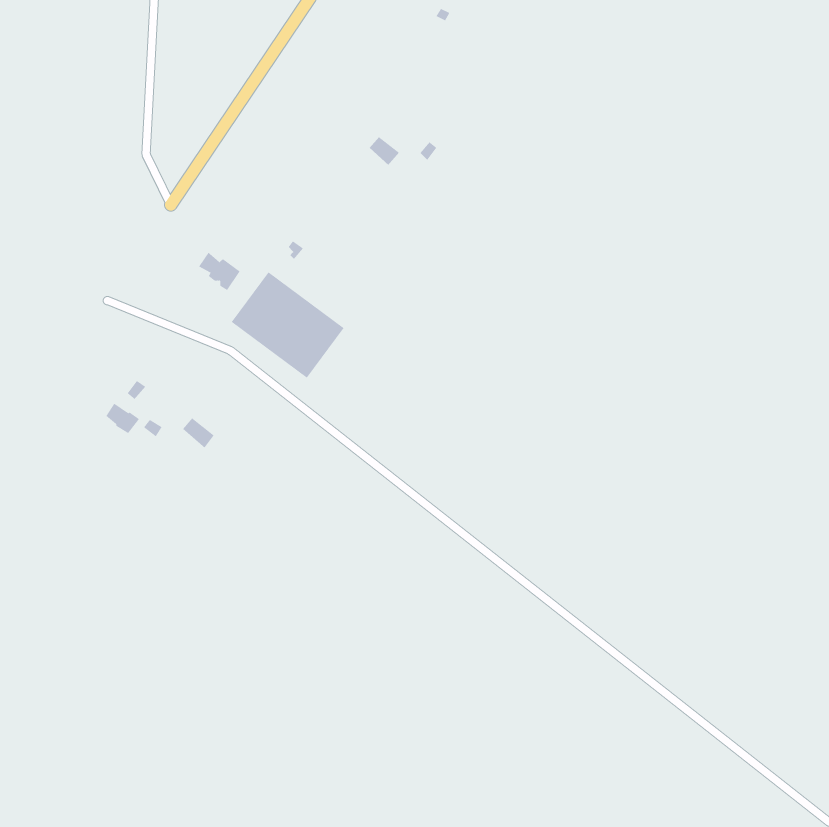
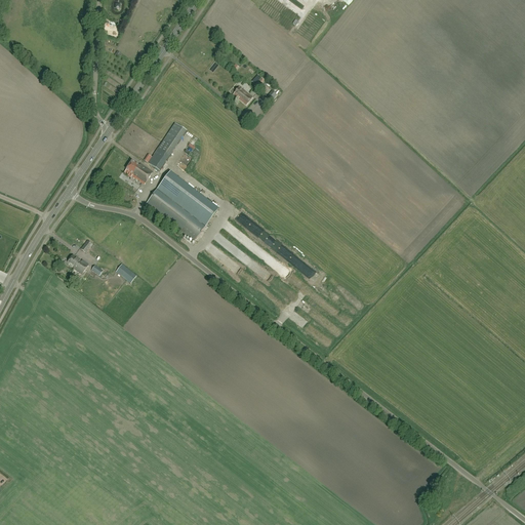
building: none -> [147,122,186,169]

